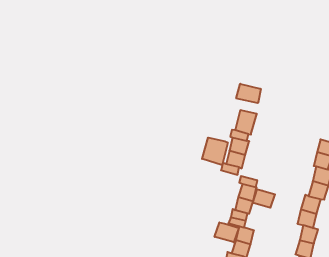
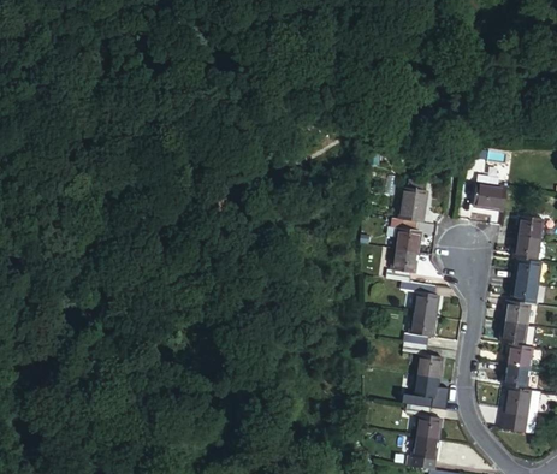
building: [236,84,261,103] -> none
building: none -> [474,184,506,209]
building: [202,138,228,165] -> none
building: [253,189,275,208] -> none
building: [215,222,239,242] -> none

